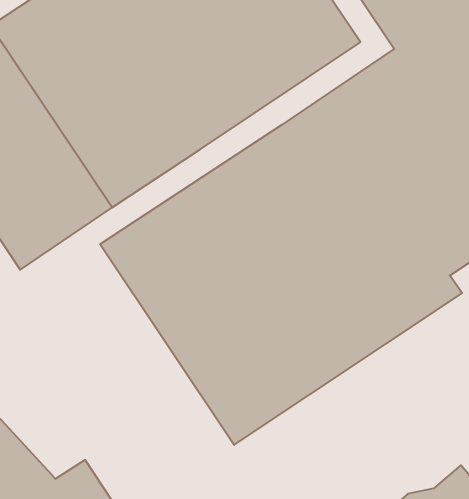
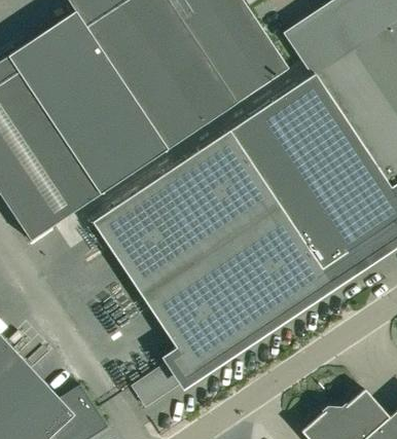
building: none -> [131,359,185,407]

